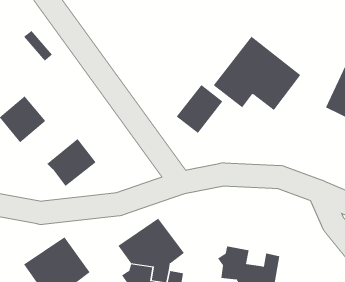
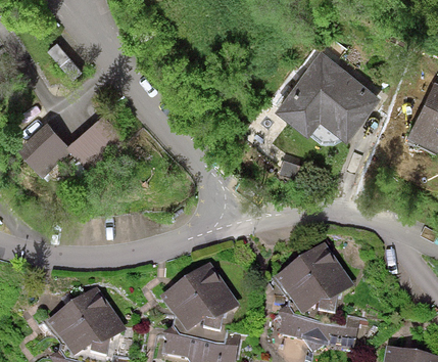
building: [176,84,223,134] -> none
building: [46,138,97,187] -> [64,111,125,170]
building: none -> [273,244,353,324]

